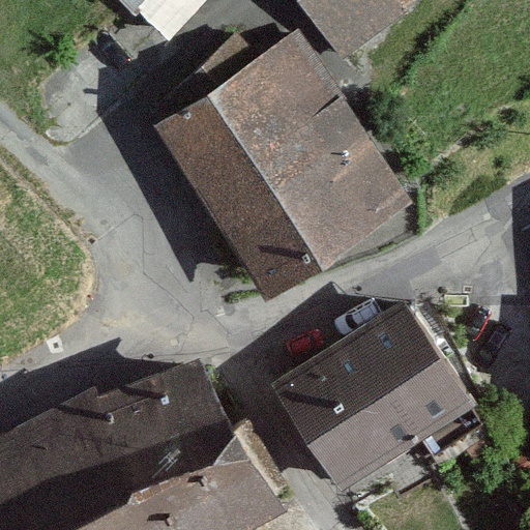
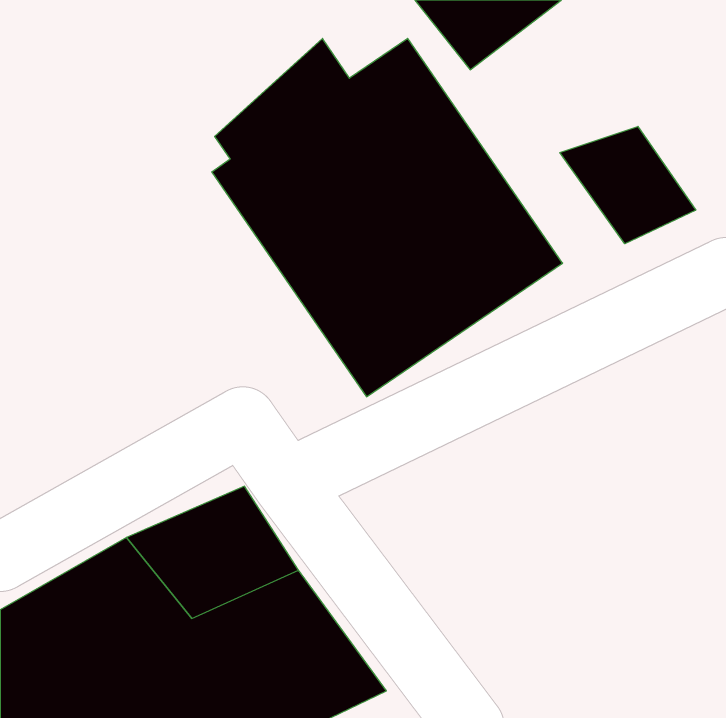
building: none -> [560,126,696,244]
building: [279,301,490,482] -> none

